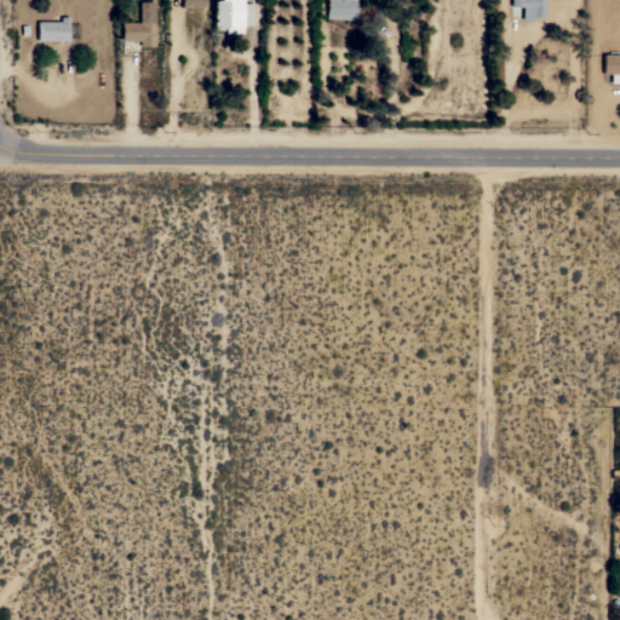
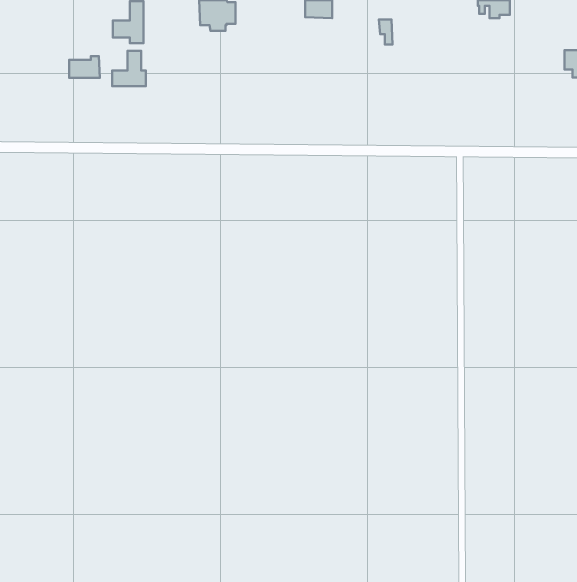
building: [40,17,73,40] -> [69,56,100,78]
building: none -> [112,51,146,86]

